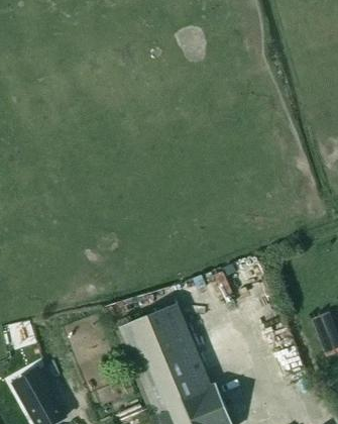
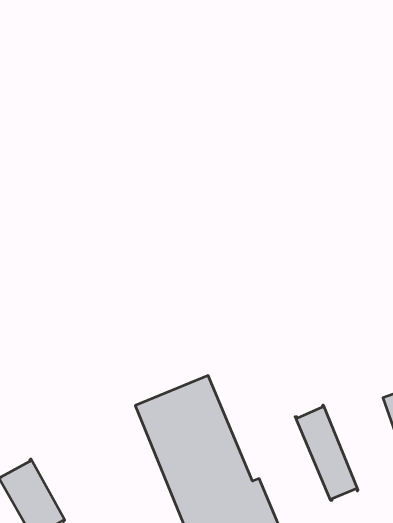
building: none -> [295,405,358,500]

